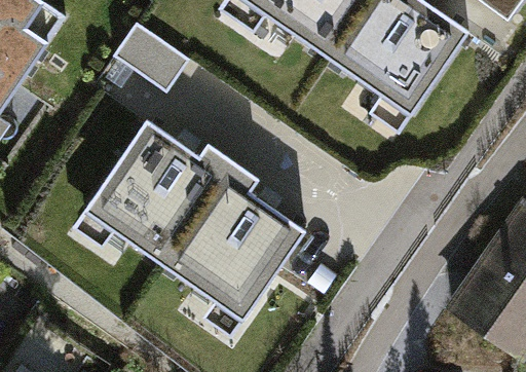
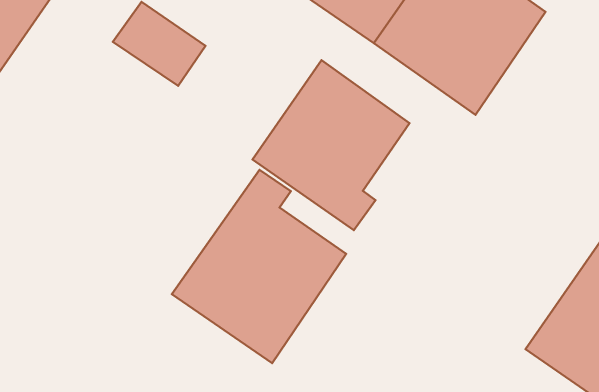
building: none -> [253,60,410,230]
building: [85,120,234,263] -> none

